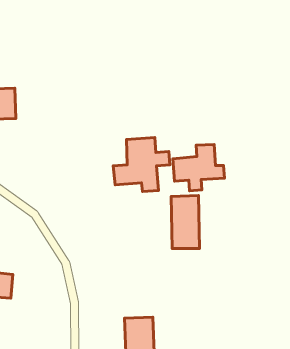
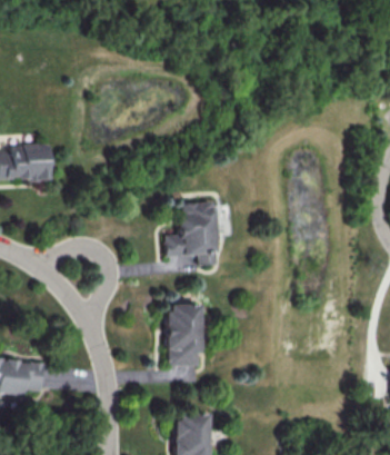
building: [173,145,225,191] -> none
building: [171,196,200,249] -> [168,305,201,367]

